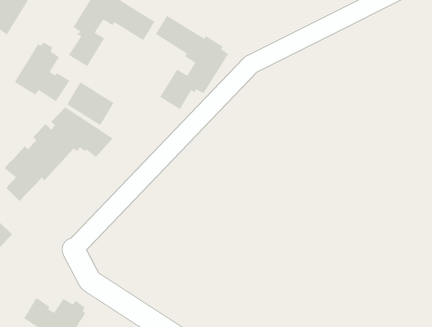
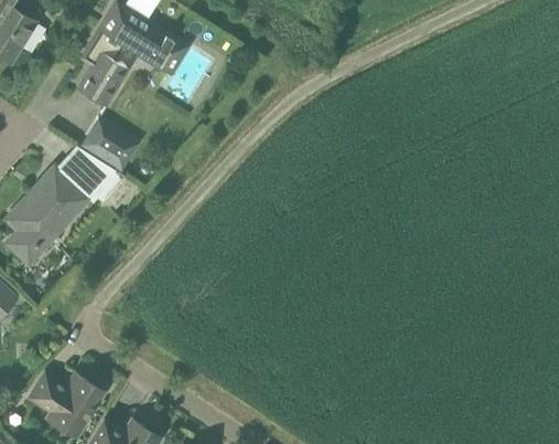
building: [155,15,229,110] -> none
building: [14,41,70,102] -> none

